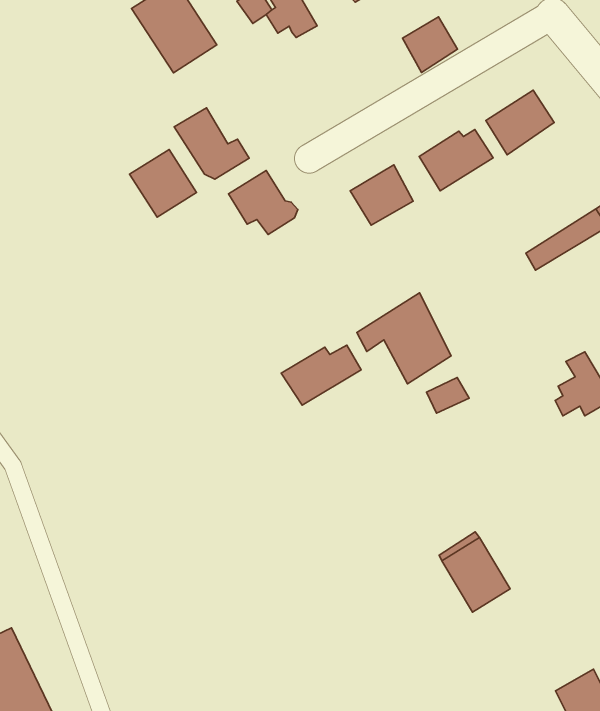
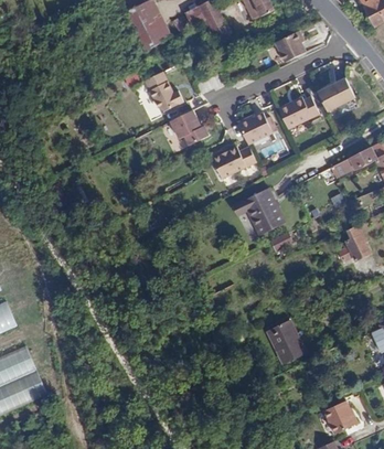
building: [130,150,197,217] -> none
building: [281,345,361,405] -> [210,147,254,178]

